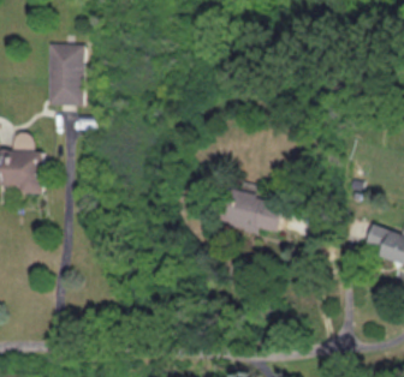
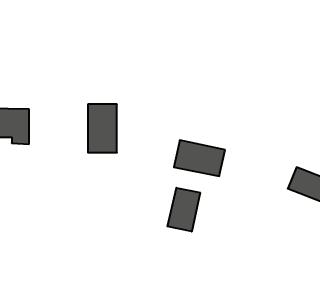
building: [47,46,83,106] -> [88,104,117,153]
building: none -> [167,188,200,232]

